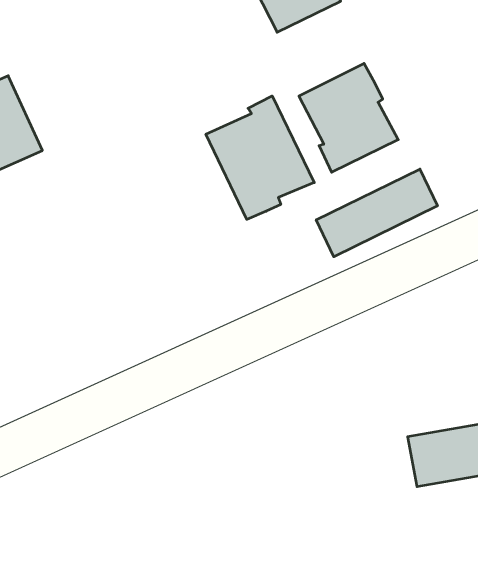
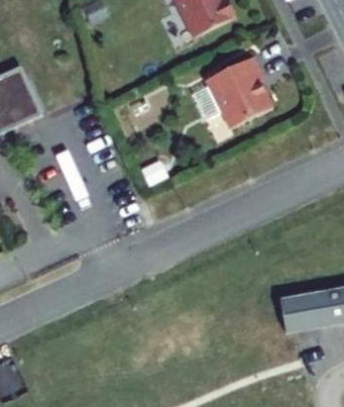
building: [206,96,314,219] -> none
building: [316,169,437,257] -> none

